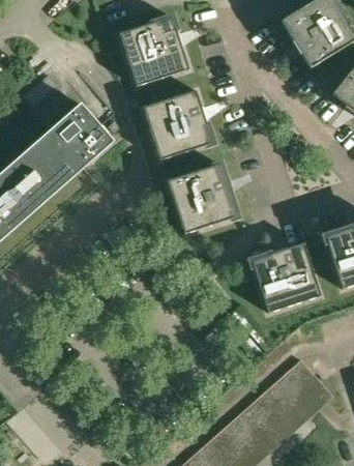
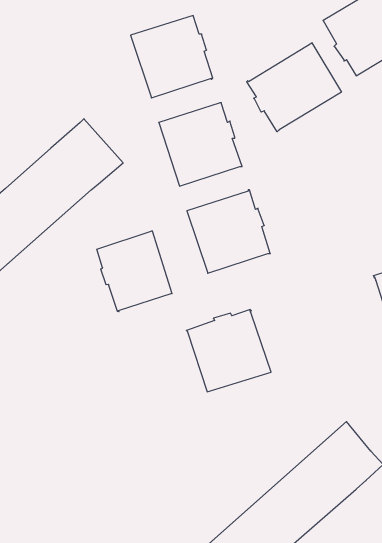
building: none -> [247,43,341,132]
building: none -> [97,231,172,312]
building: [249,243,321,313] -> [186,310,271,392]

